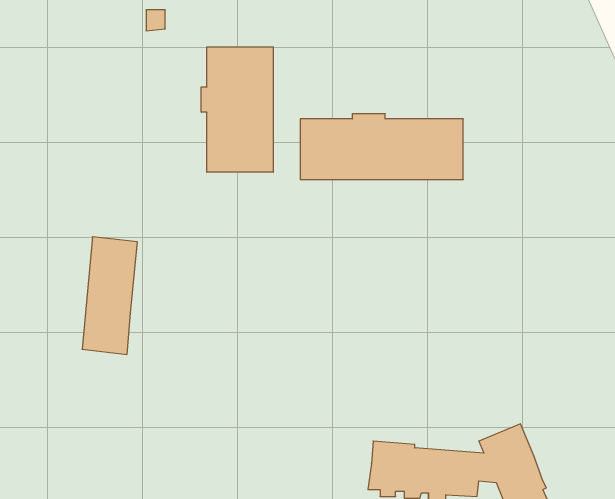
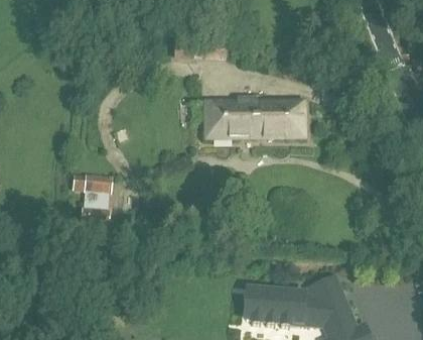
building: [201,47,273,172] -> none

